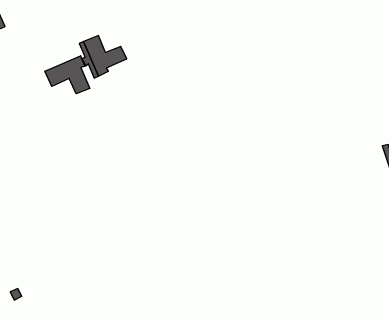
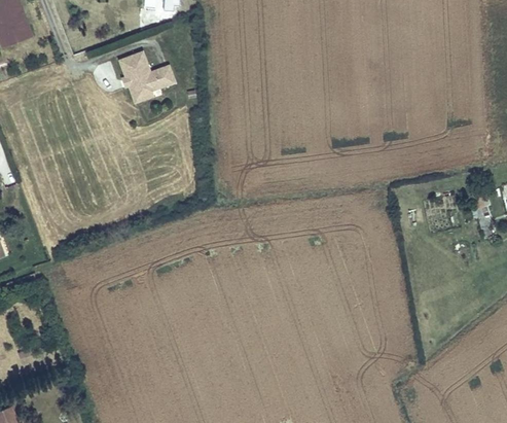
building: [45,56,90,94] -> none

